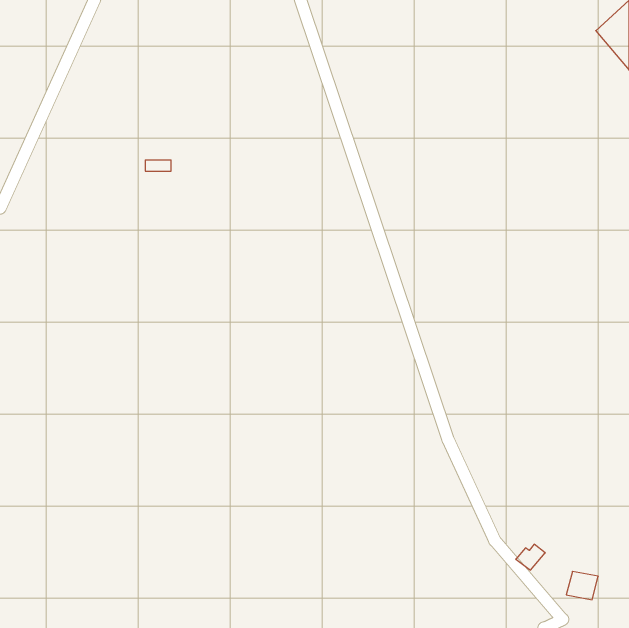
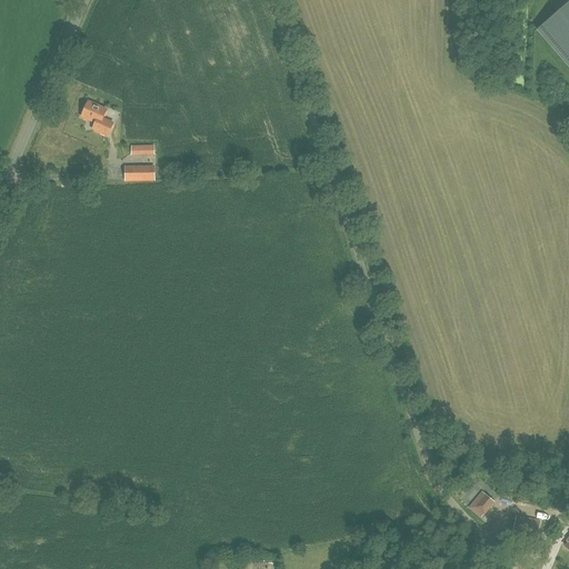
building: none -> [82,100,112,134]
building: none -> [124,164,156,181]

